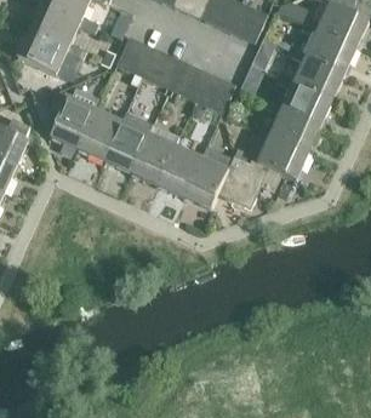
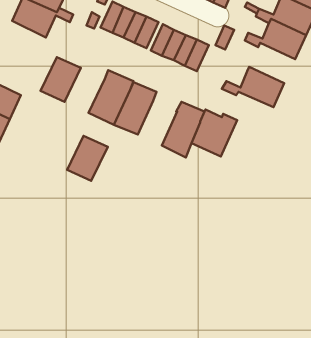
building: [262,80,331,125] -> none
building: [75,108,120,158] -> [67,136,108,181]
building: [232,134,307,178] -> none
building: [156,144,200,194] -> none

